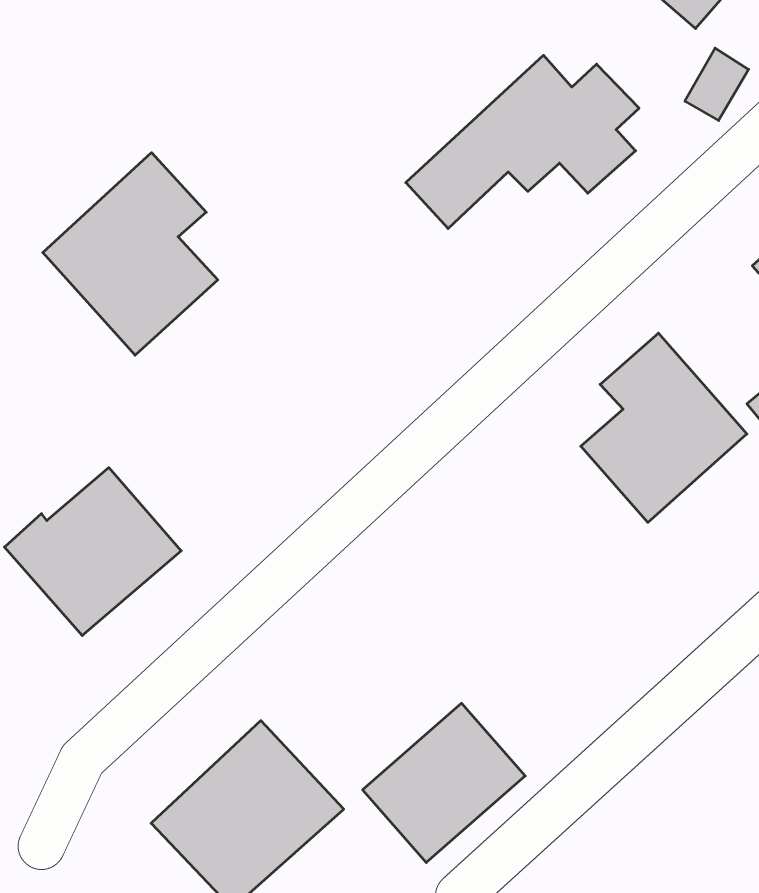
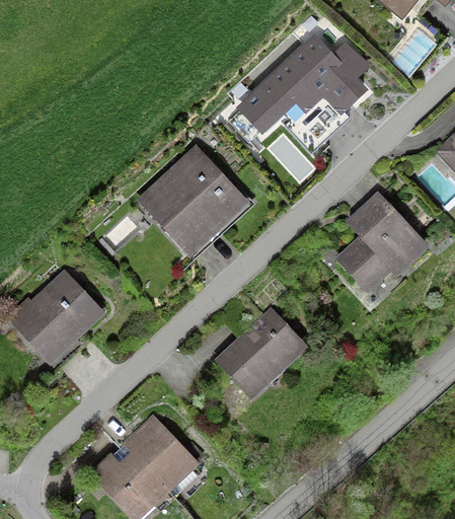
building: [43,153,218,355] -> none
building: none -> [136,147,245,255]
building: [363,703,525,863] -> [215,308,308,399]

